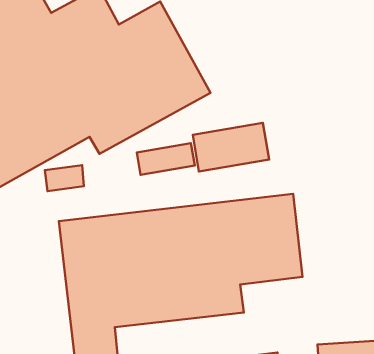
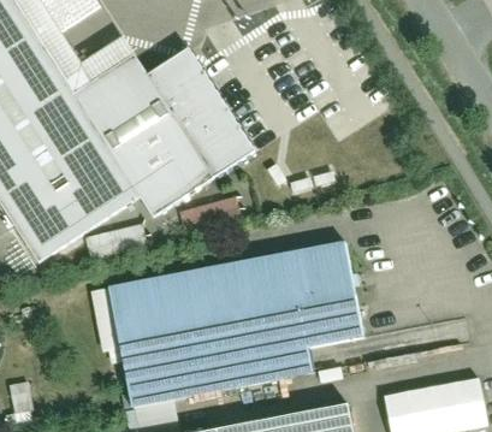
building: [193,123,269,171] -> none

